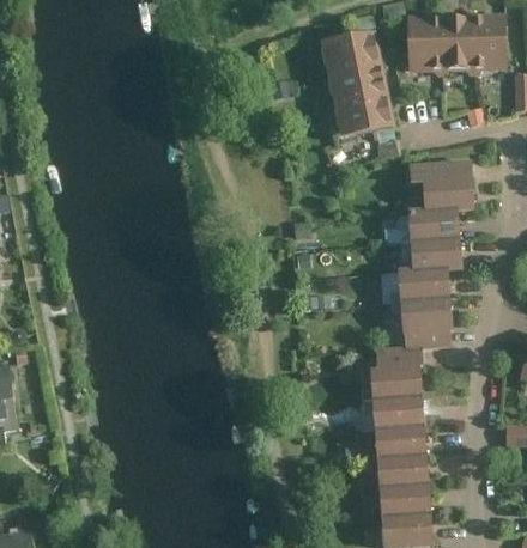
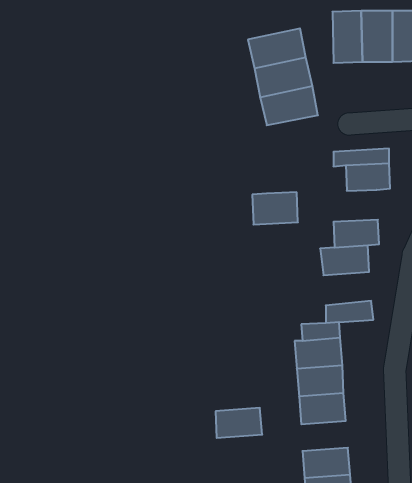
building: [410,207,459,242] -> [252,192,298,225]
building: [400,296,452,331] -> none
building: [376,456,426,488] -> [216,408,262,438]

